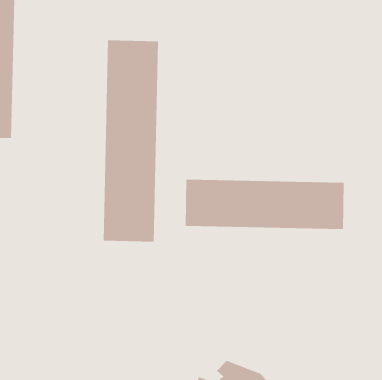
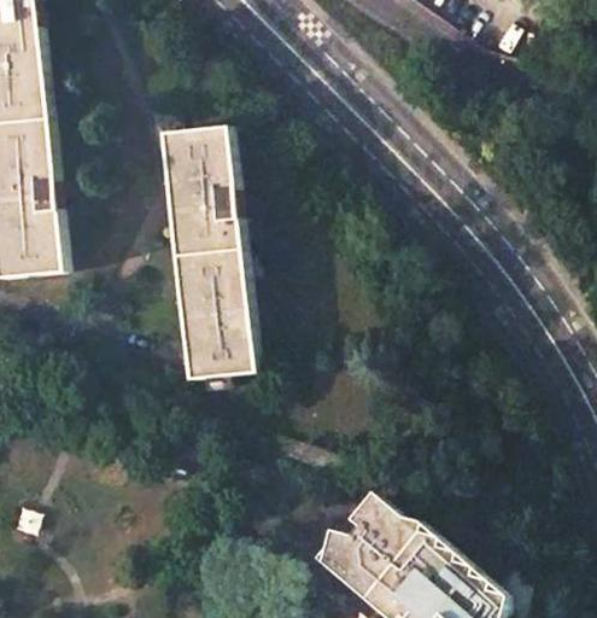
building: [185,179,344,230] -> none

